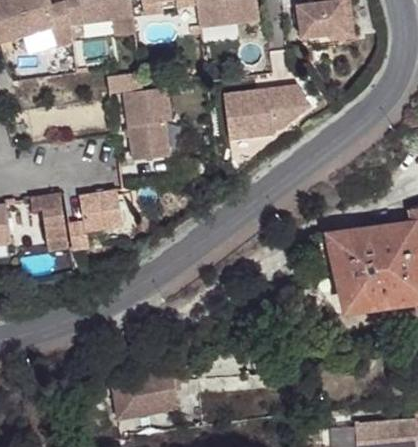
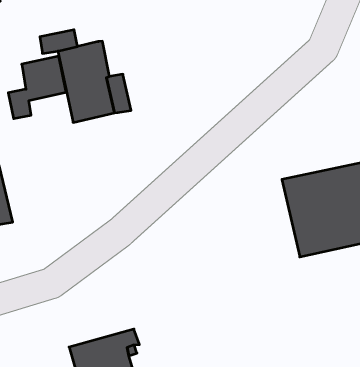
building: [224,84,313,139] -> none
building: [65,190,120,246] -> [8,56,66,119]

